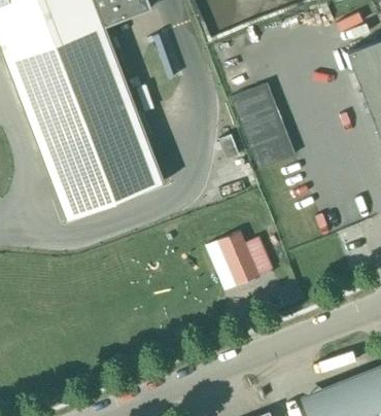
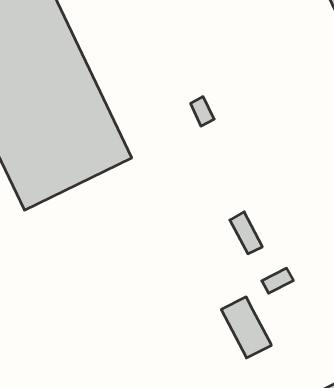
building: [230,73,297,163] -> none
building: [216,232,257,285] -> [221,297,271,358]

